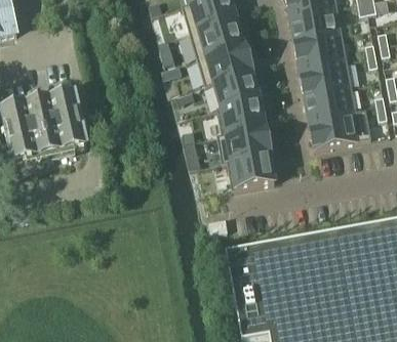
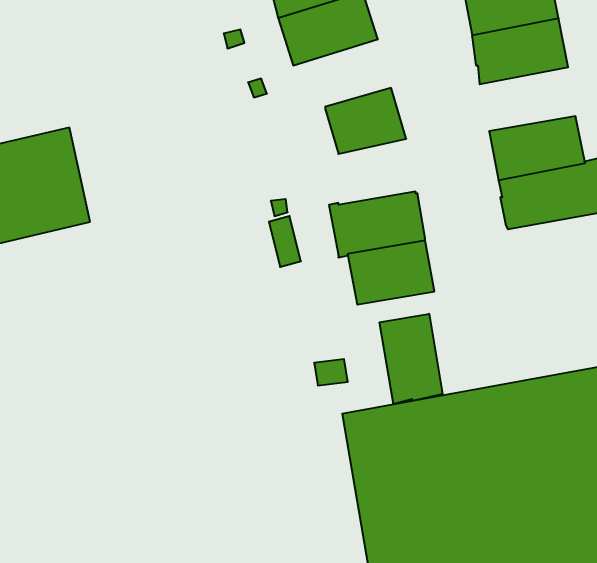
building: [197,43,250,84] -> none
building: [299,58,351,93] -> none
building: [216,97,264,133] -> none
building: none -> [380,314,442,404]

